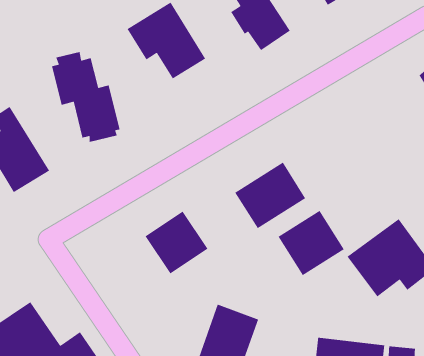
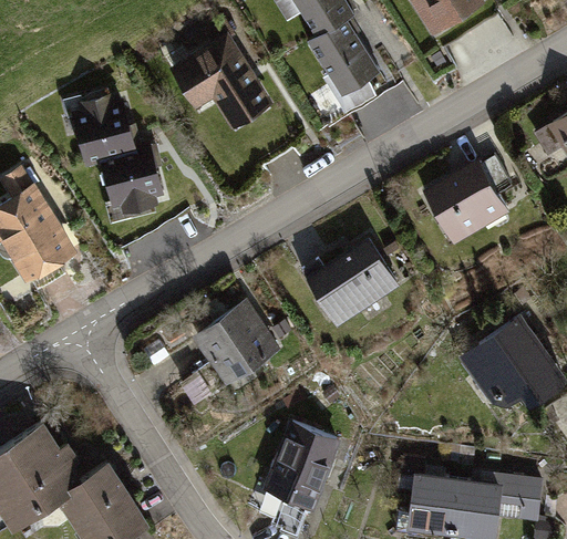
building: none -> [426,160,512,245]
building: [277,210,345,276] -> none

